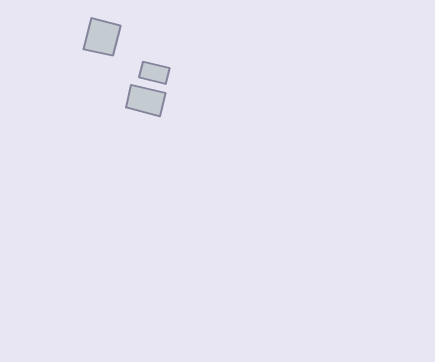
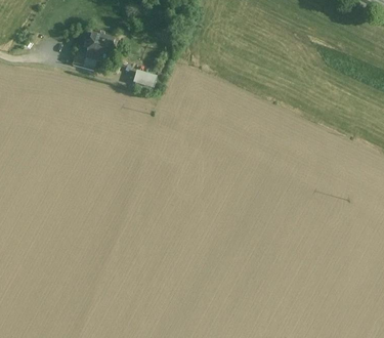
building: [126,85,165,116] -> none

